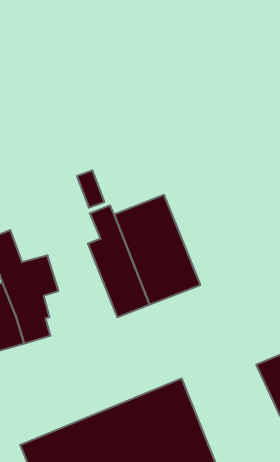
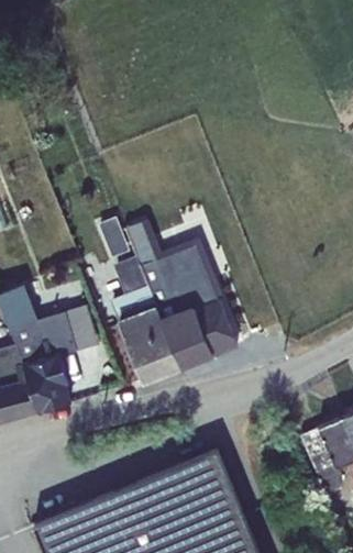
building: none -> [124,218,222,298]
building: none -> [65,303,99,351]

